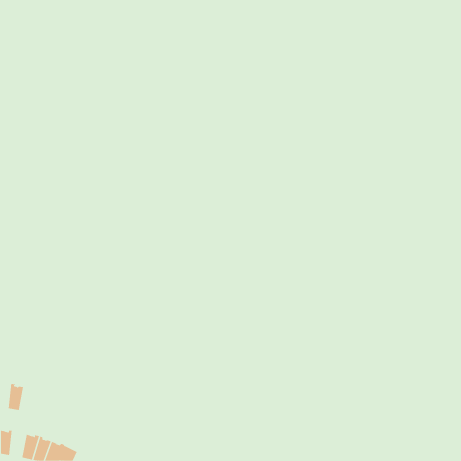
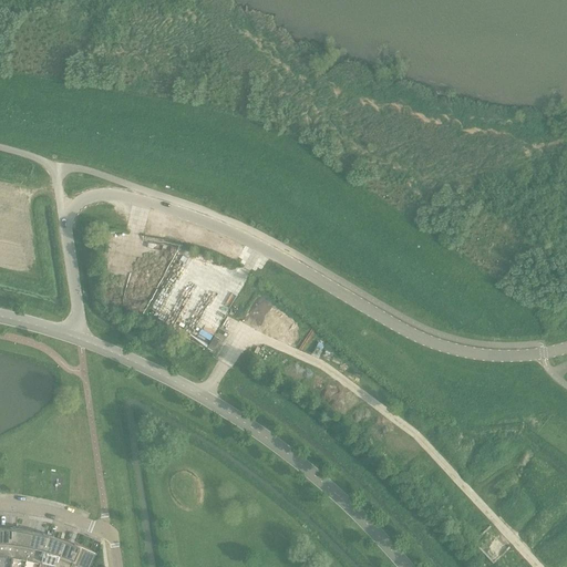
building: [8,383,24,410] -> [12,528,32,561]

